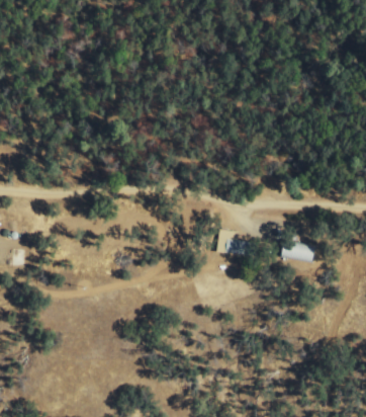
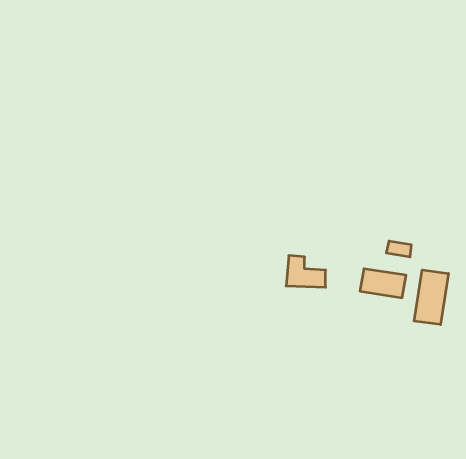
building: none -> [414,270,448,325]

